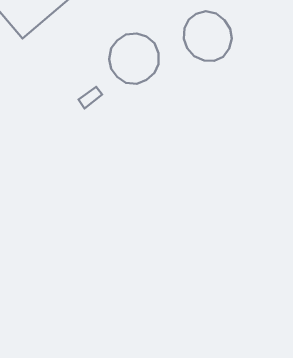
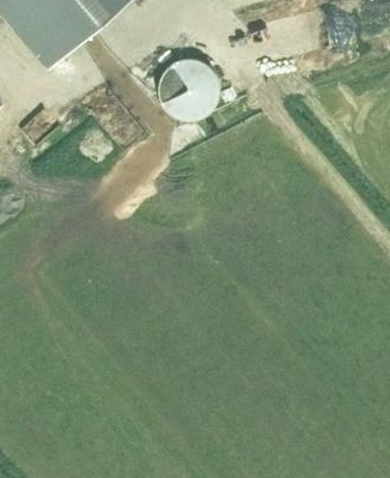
building: [184,11,232,61] -> none

